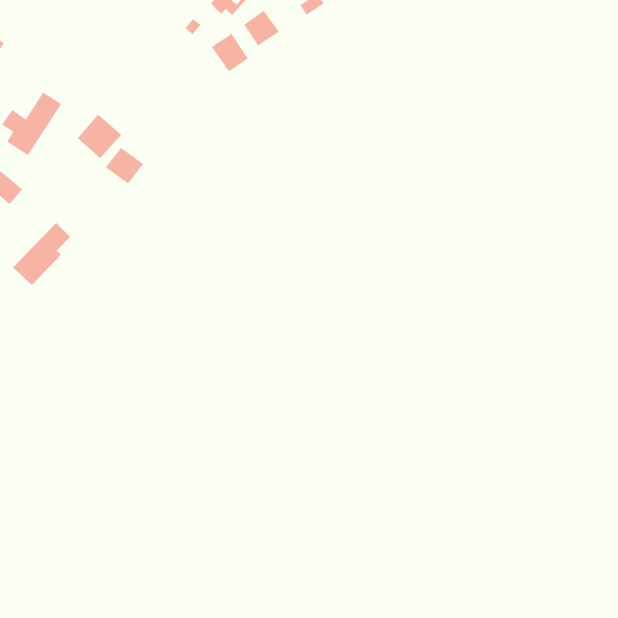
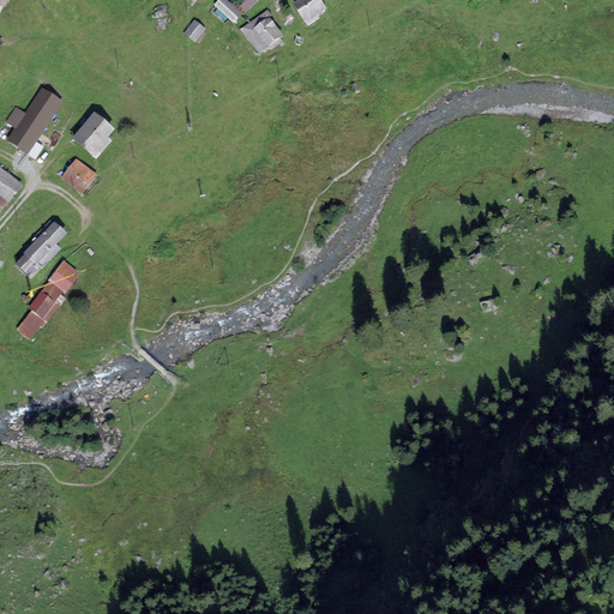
building: [211,33,249,72] -> none
building: [105,147,144,185] -> [59,158,97,195]
building: none -> [18,259,77,336]

